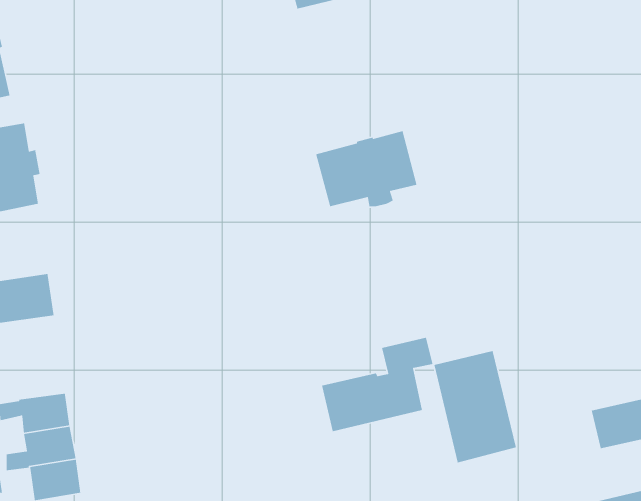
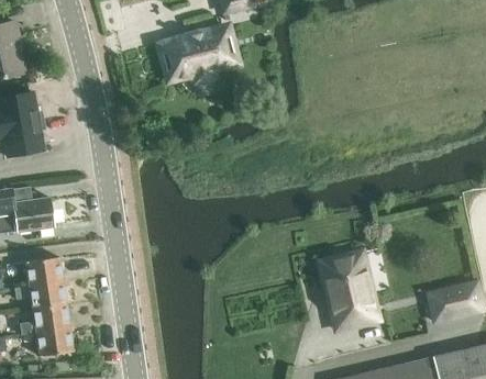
building: [315,130,417,207] -> [157,27,229,81]
building: [321,337,433,432] -> none
building: none -> [25,257,62,286]

